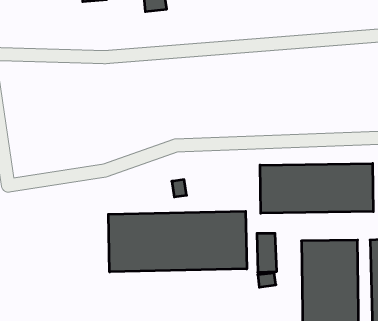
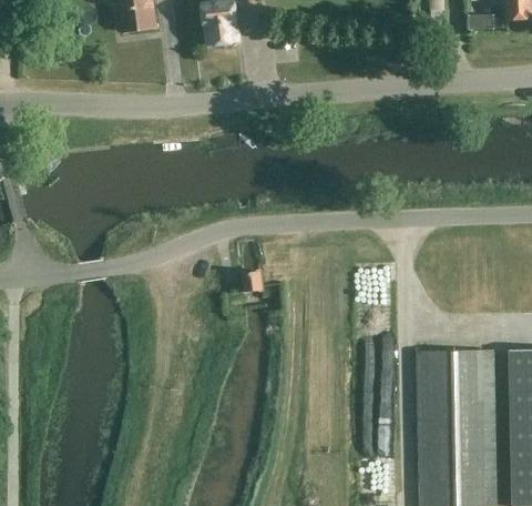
building: [260,163,373,213] -> none
building: [108,211,247,272] -> none

